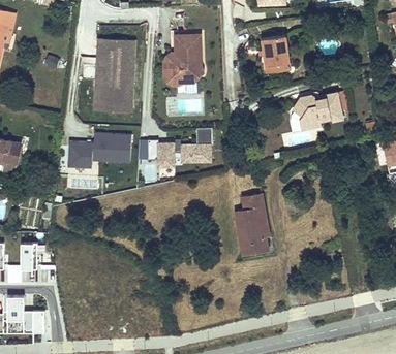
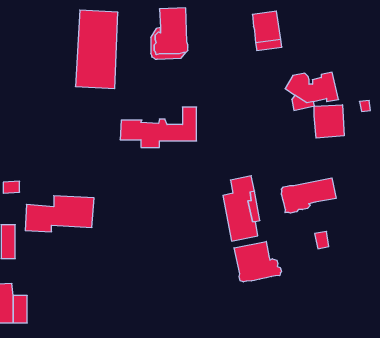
building: none -> [314,105,344,138]
building: [66,132,131,166] -> [25,196,94,232]
building: none -> [282,178,336,213]
building: none -> [234,241,281,282]

